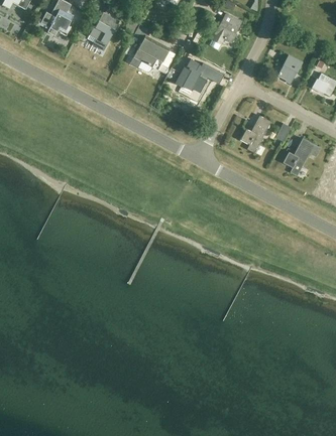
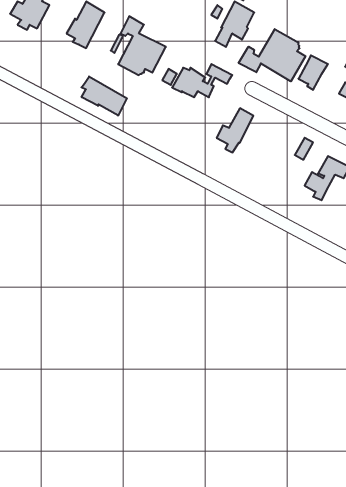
building: none -> [239,29,305,81]
building: none -> [81,76,127,116]
building: [240,115,270,151] -> [217,108,253,152]

